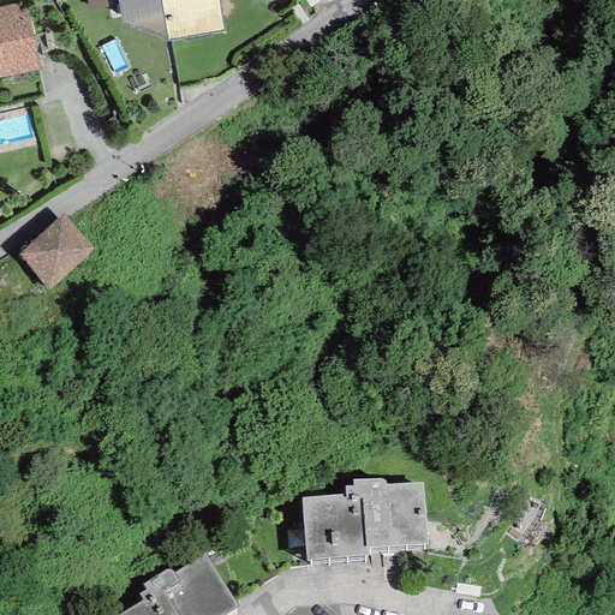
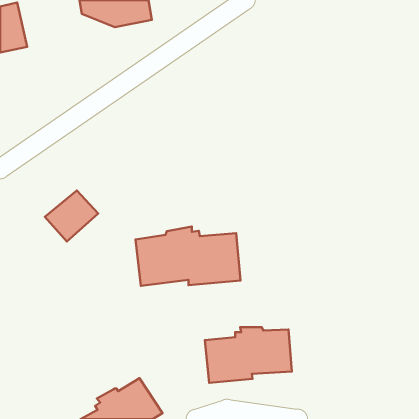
building: [16,215,94,289] -> [45,191,98,241]
building: none -> [136,226,241,286]

